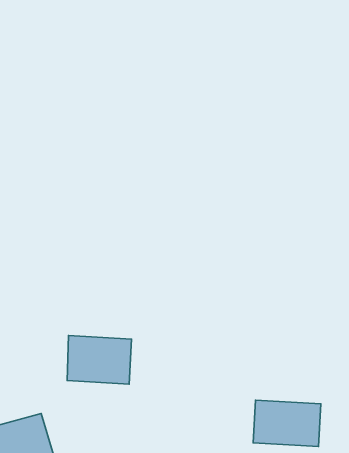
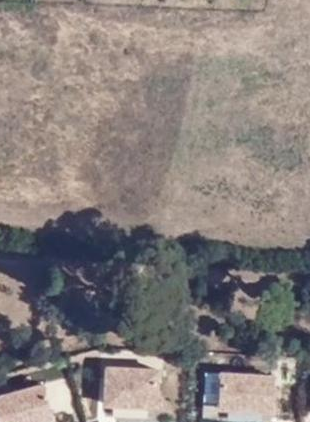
building: [67,336,131,384] -> [104,366,157,406]

